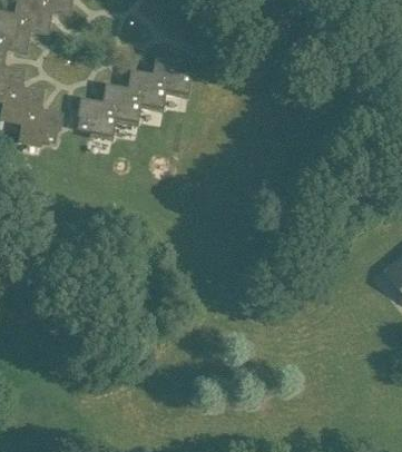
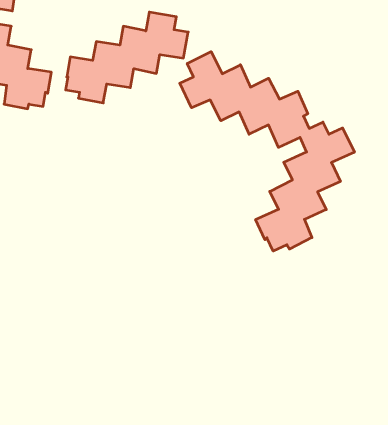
building: none -> [180,52,354,251]

